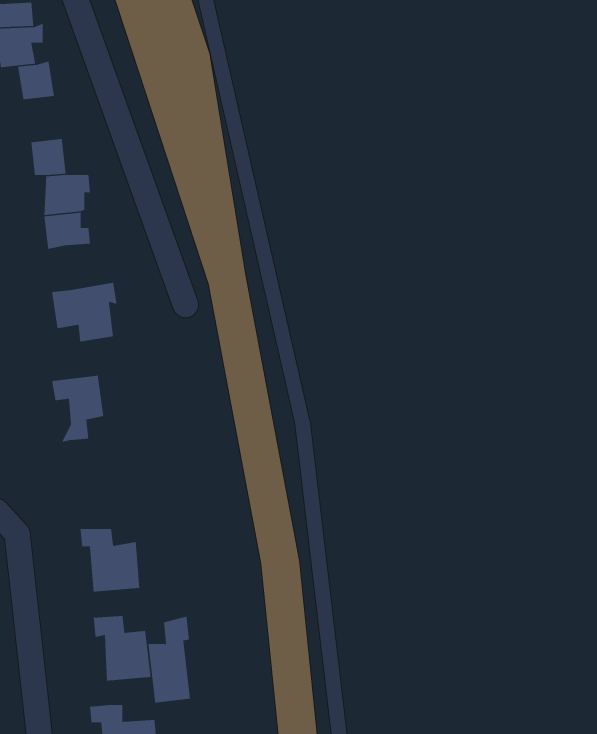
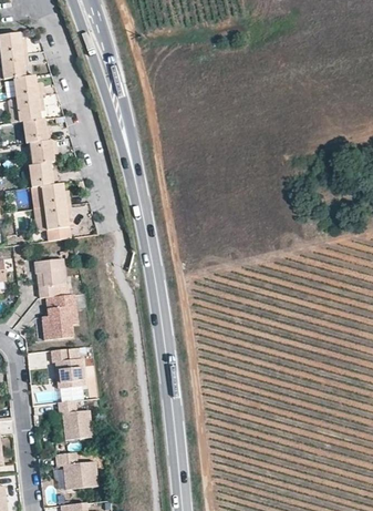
building: none -> [18,96,45,123]
building: none -> [42,182,71,209]
building: none -> [42,295,77,346]
building: [147,615,191,703] -> none

